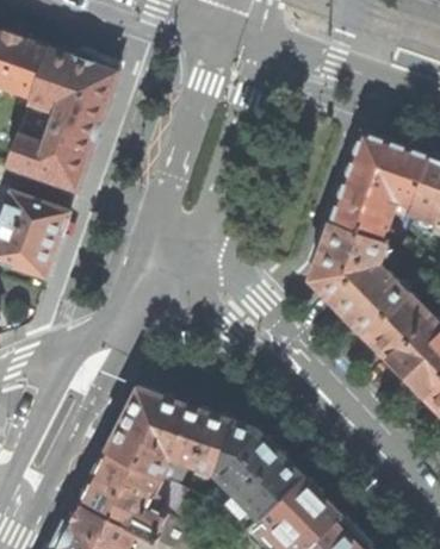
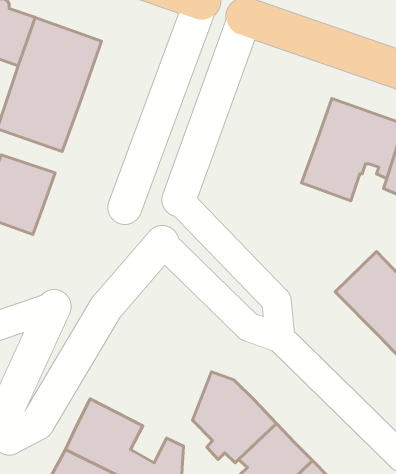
building: [308,220,409,336] -> none
building: [104,386,233,484] -> none

